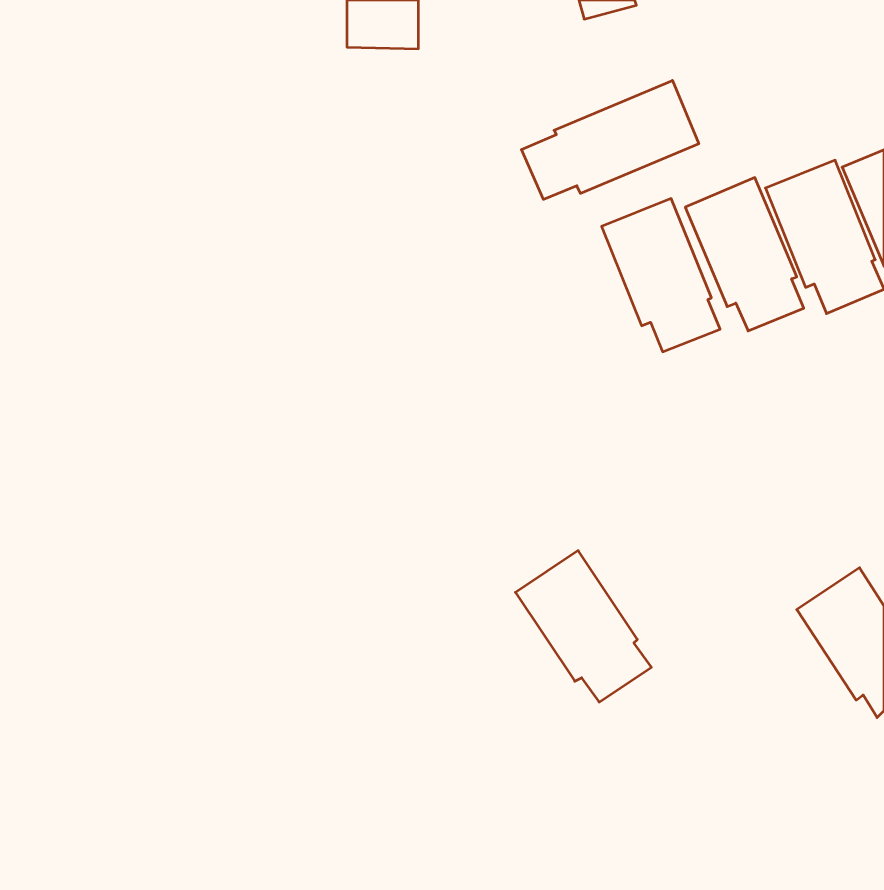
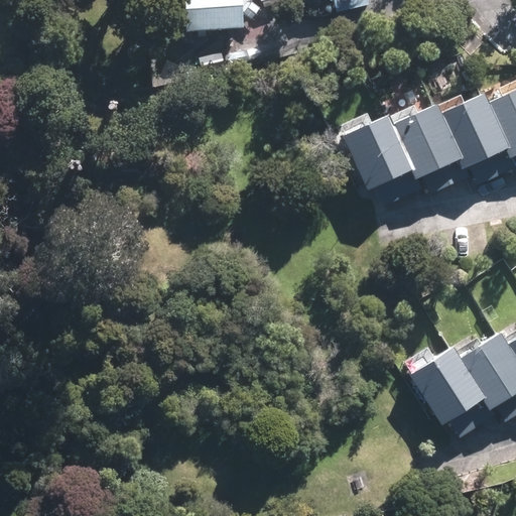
building: [521,80,699,199] -> none
building: [515,551,651,702] -> [411,346,490,433]

